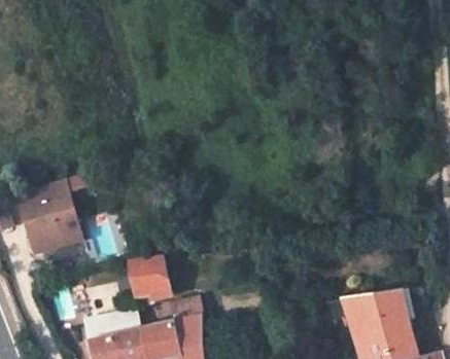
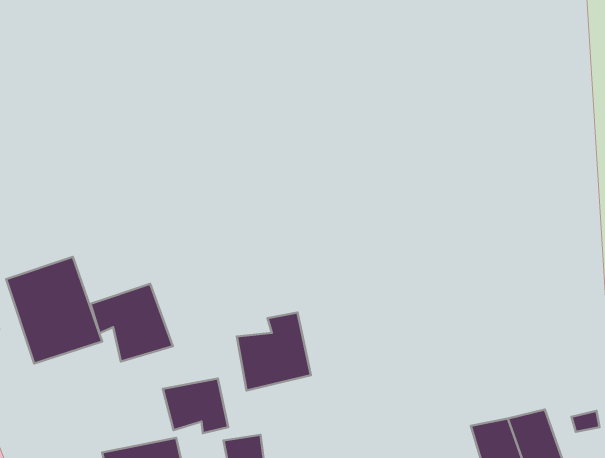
building: none -> [90,284,173,362]
building: none -> [237,312,311,390]

